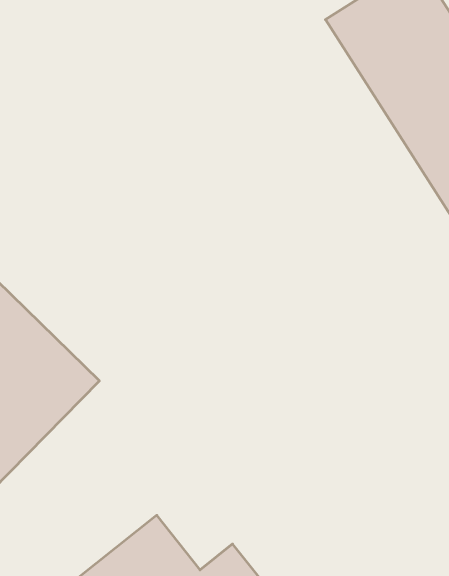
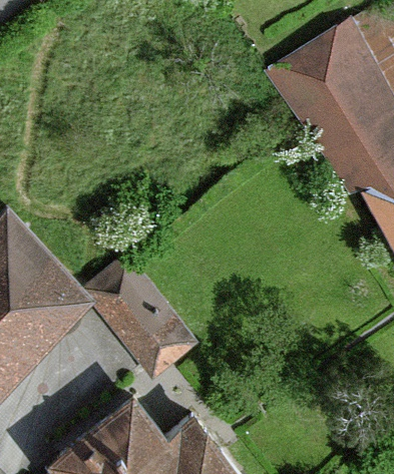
building: none -> [88,262,191,373]

